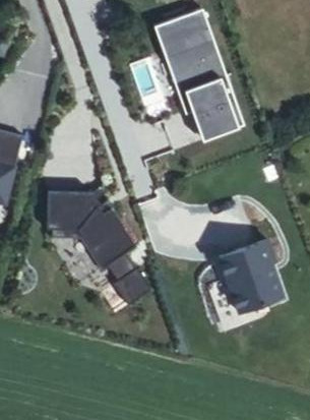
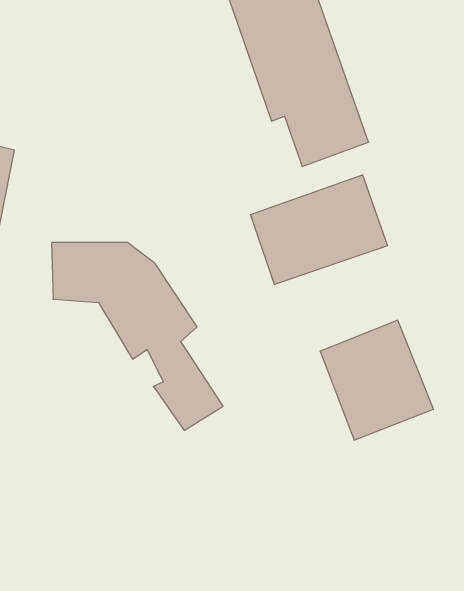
building: none -> [251,175,387,285]

